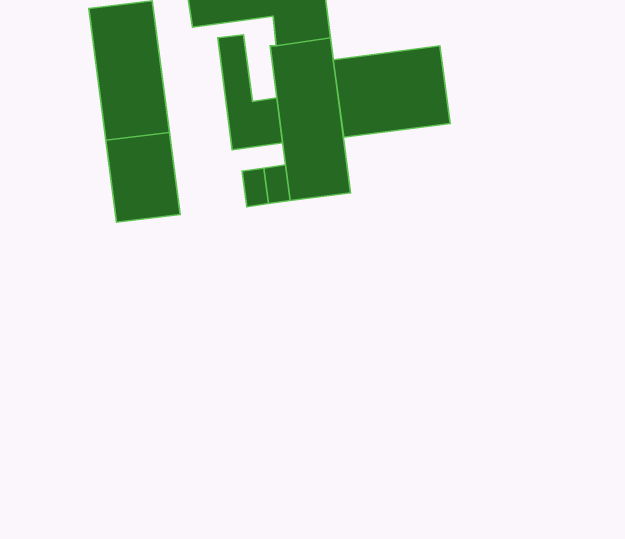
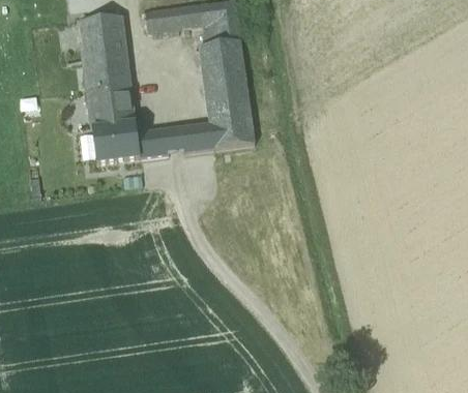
building: [218,35,282,150] -> none
building: [333,46,450,137] -> none
building: none -> [137,131,168,158]

